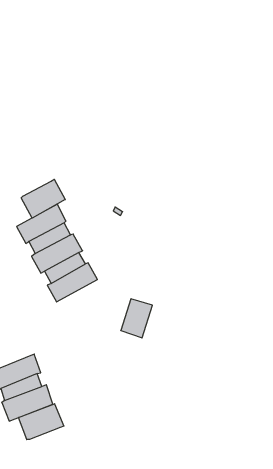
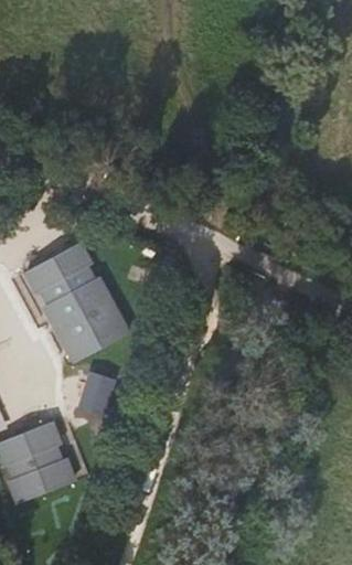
building: [21,179,65,218] -> none
building: [121,299,152,338] -> [77,372,115,418]
building: [19,404,64,440] -> none

